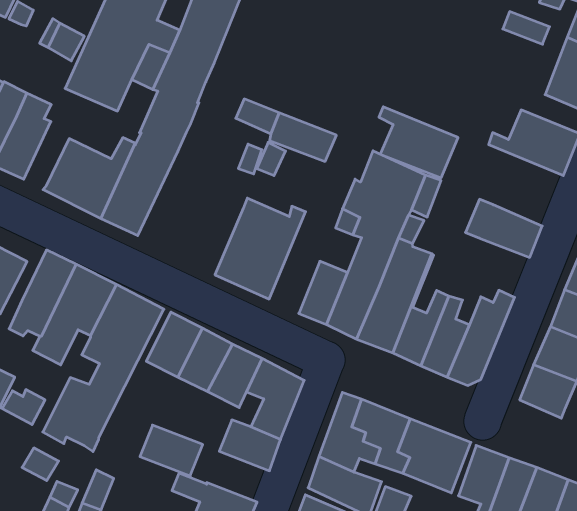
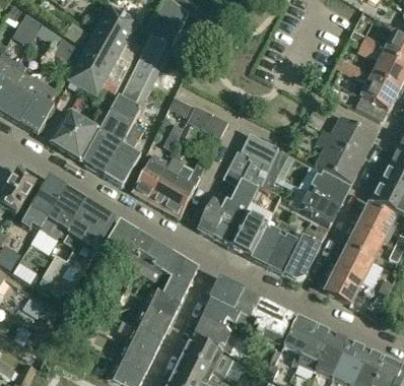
building: [379,107,458,178] -> [316,134,363,180]
building: none -> [104,123,143,183]
building: none -> [133,152,169,199]
building: none -> [300,190,339,223]
building: [140,425,203,476] -> [133,306,172,338]

